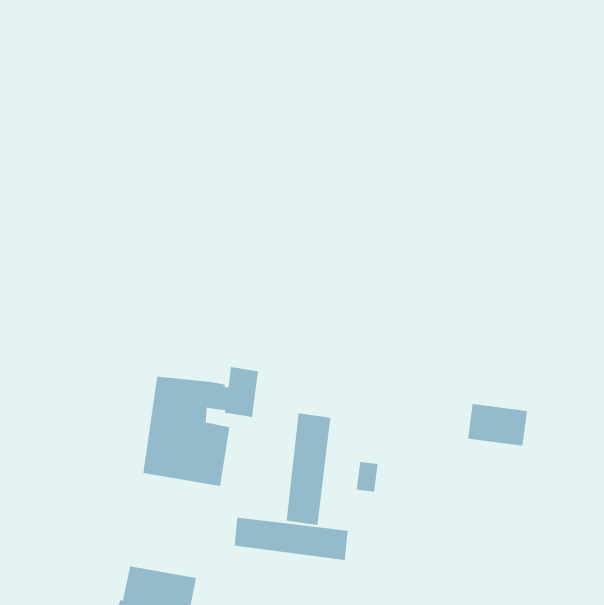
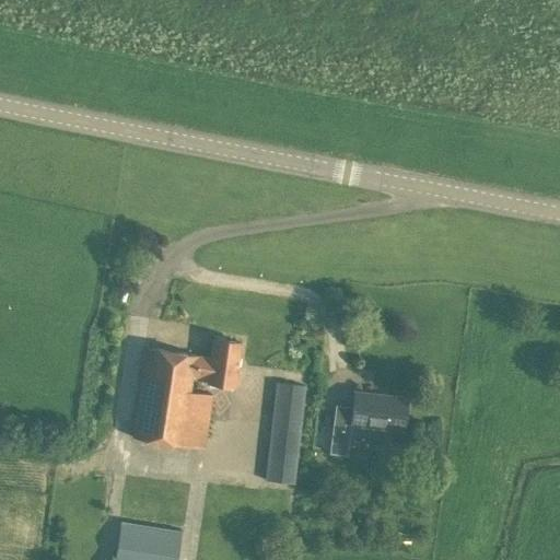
building: [467,404,528,446] -> [352,392,408,431]
building: [234,517,348,561] -> none

